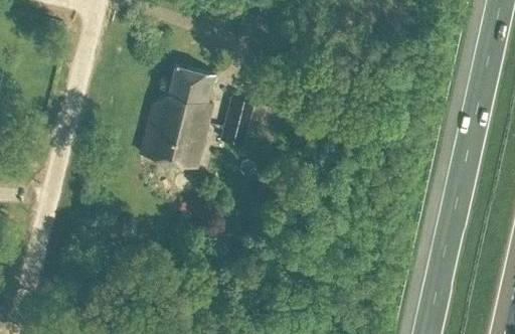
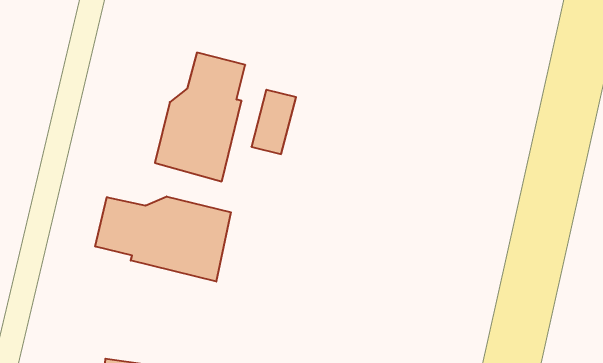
building: none -> [95,196,231,282]

